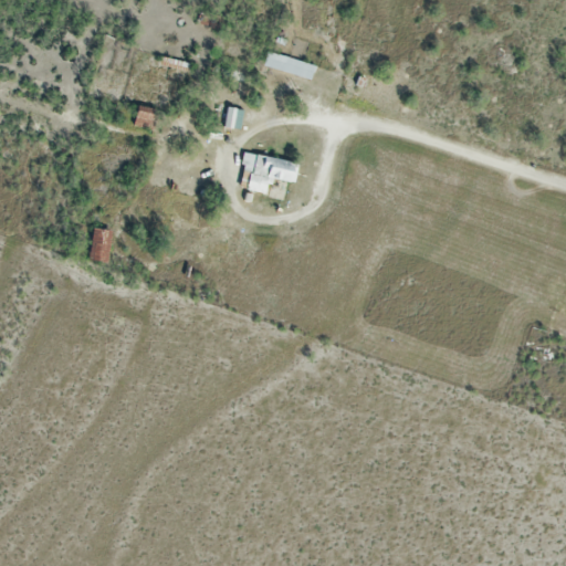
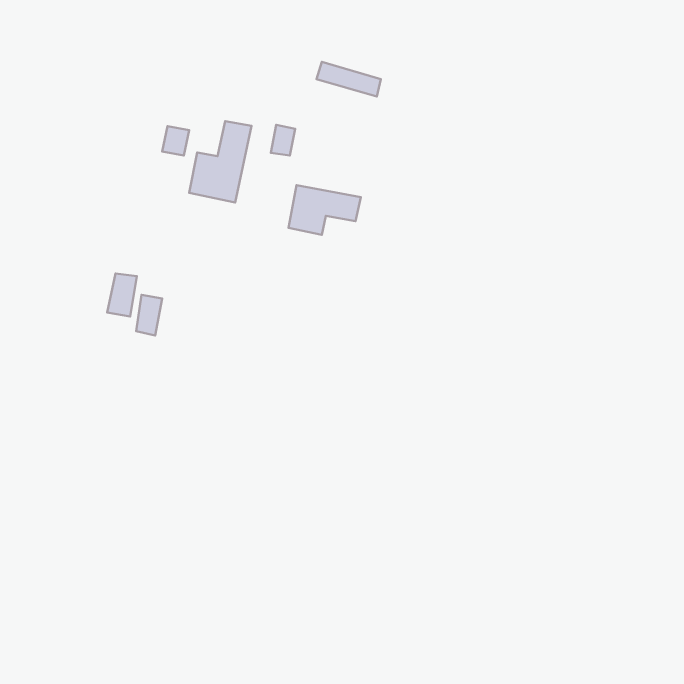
building: none -> [189,121,251,202]
building: none -> [136,295,162,336]

